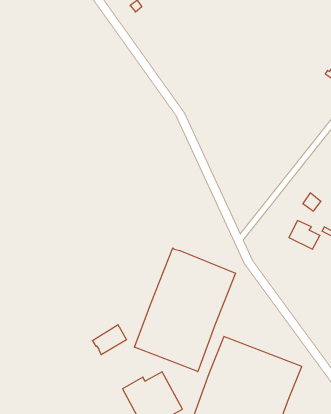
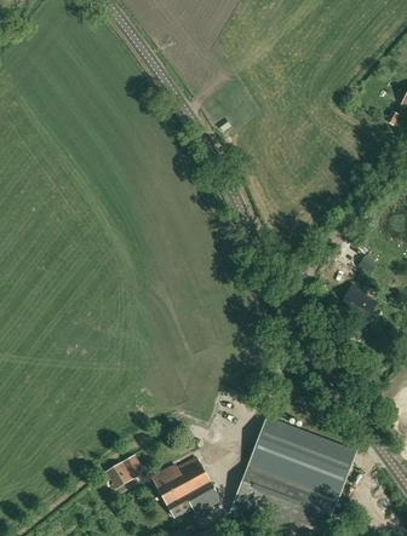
building: [134,248,235,372] -> none
building: [92,325,127,355] -> [104,453,143,486]

